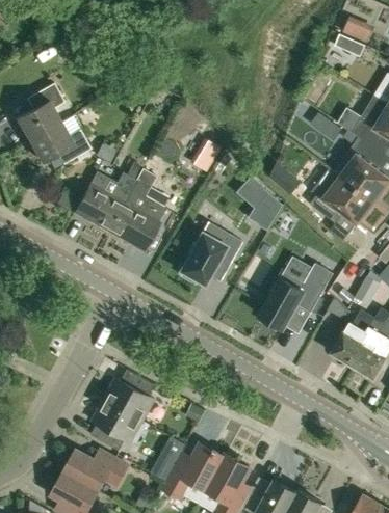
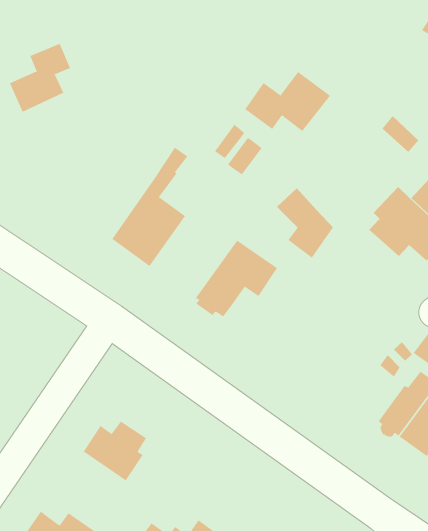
building: none -> [244,71,331,132]
building: [29,122,89,161] -> none
building: [74,171,137,232] -> none
building: [259,256,333,330] -> none
building: [93,400,140,451] -> none

